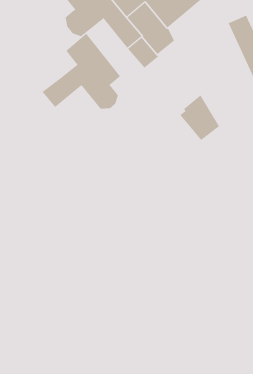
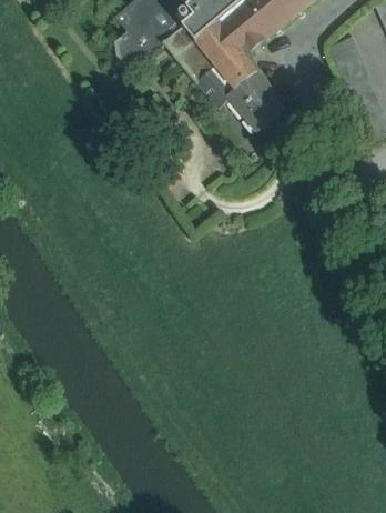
building: [42,33,121,109] -> none
building: [180,95,220,141] -> [231,69,283,129]

